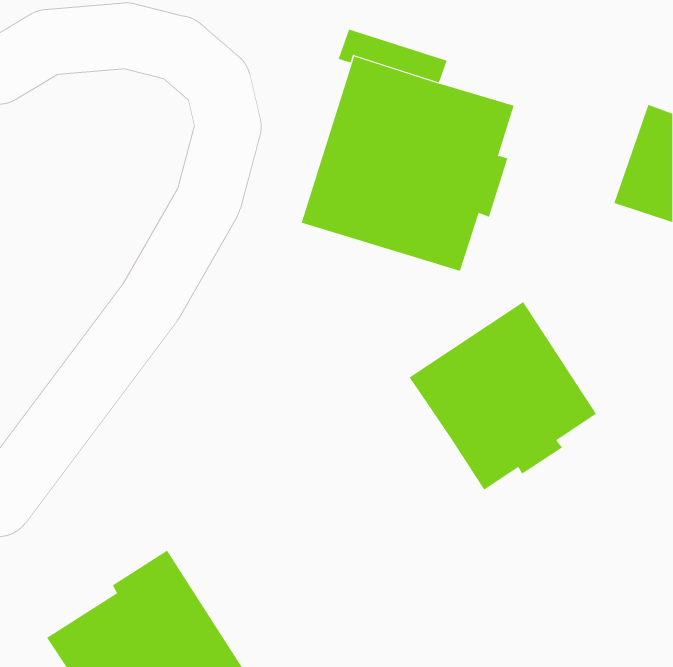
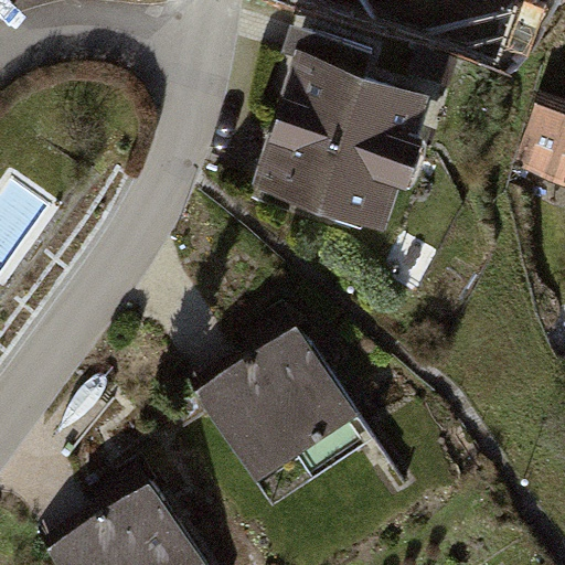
building: [409,301,597,491] -> none
building: none -> [200,328,371,504]

